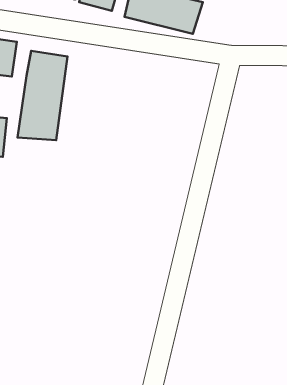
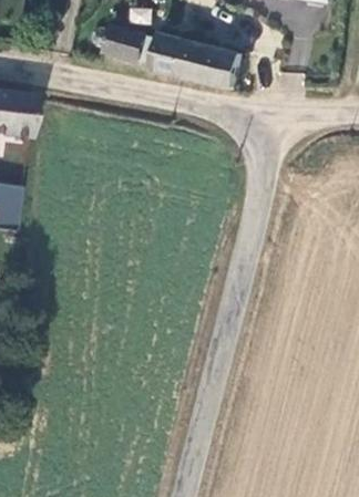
building: [18,51,67,140] -> none

